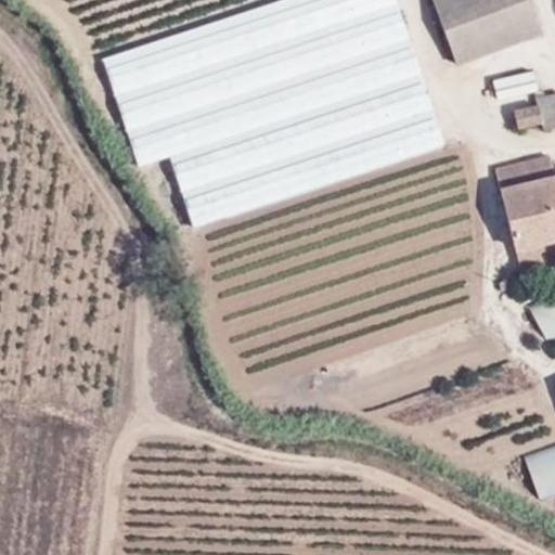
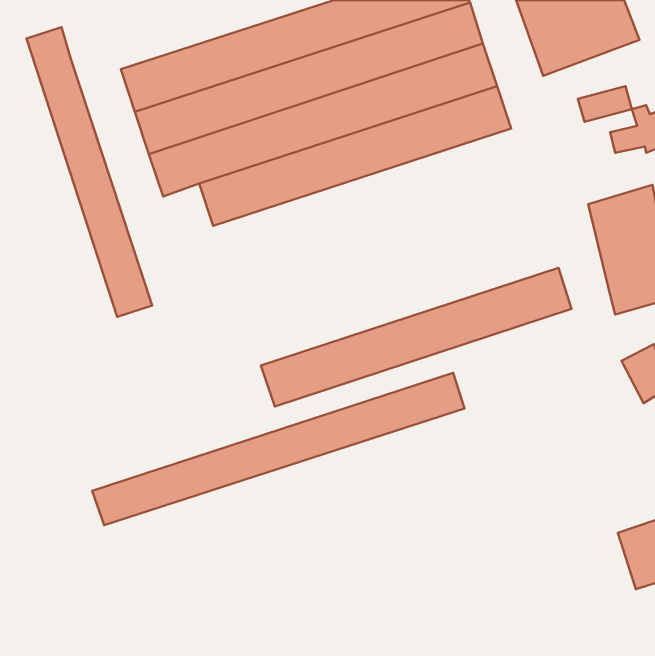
building: none -> [27,27,152,317]
building: [181,108,443,225] -> [261,268,572,407]
building: none -> [92,373,464,525]

